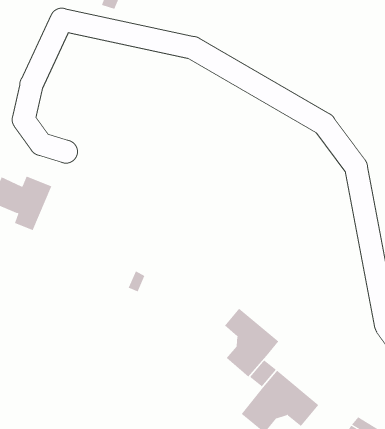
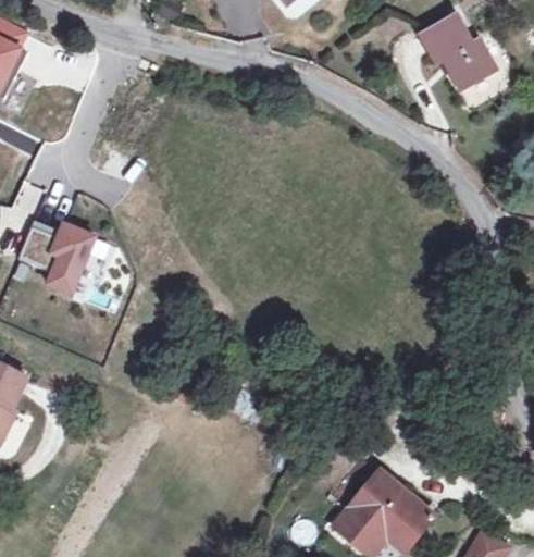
building: none -> [420,12,496,88]
building: [224,308,279,377] -> none

